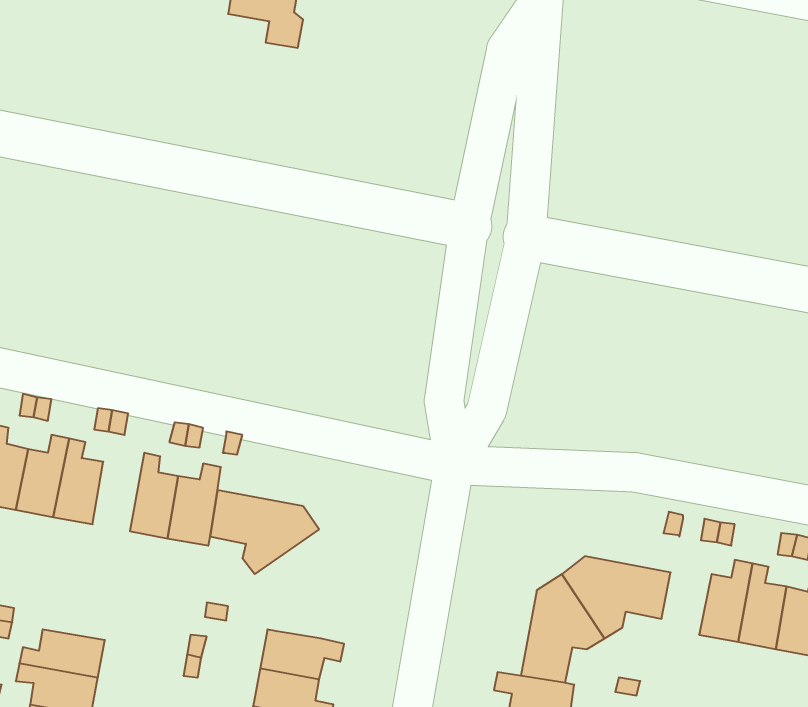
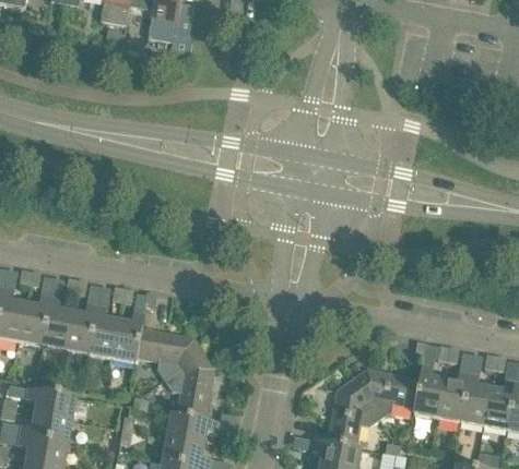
building: none -> [64,303,96,353]
building: none -> [164,352,214,419]
building: none -> [412,364,444,417]
building: none -> [26,387,76,420]

